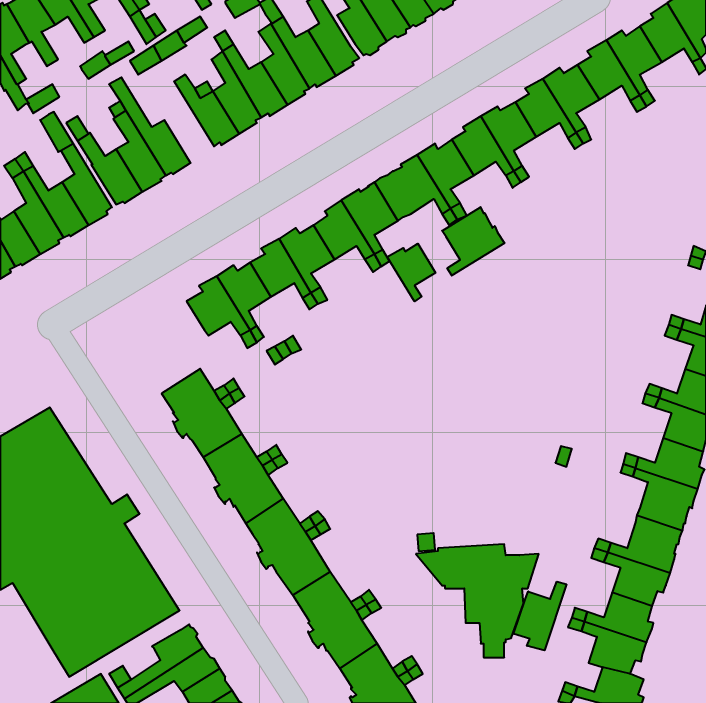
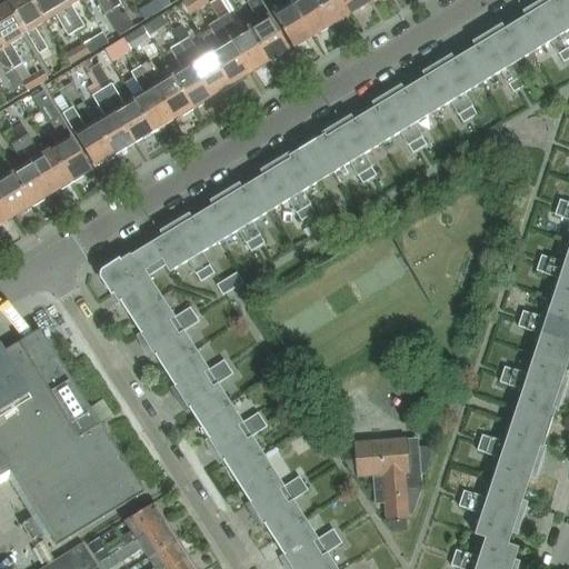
building: none -> [130,66,172,131]
building: [442,207,504,276] -> none
building: [387,244,435,301] -> none
building: none -> [98,242,164,317]
building: [513,582,566,650] -> none

